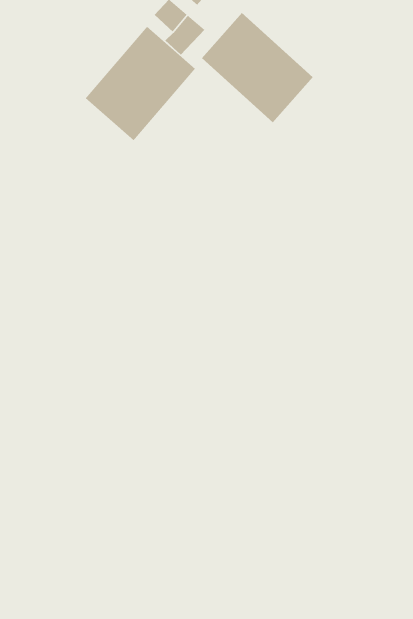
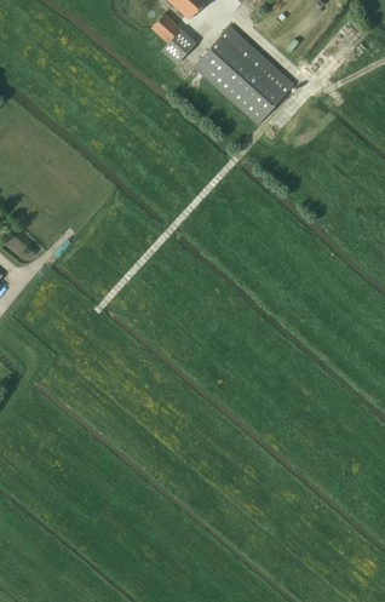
building: [85,26,196,141] -> none

